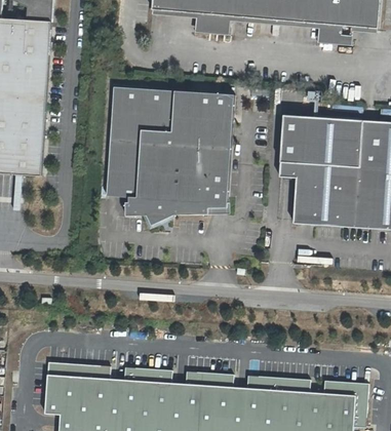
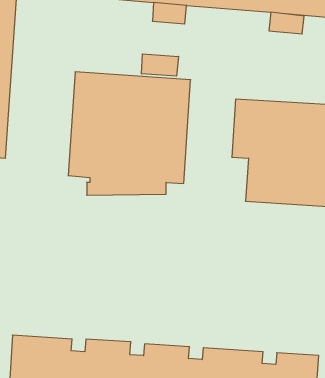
building: none -> [142,54,179,76]

